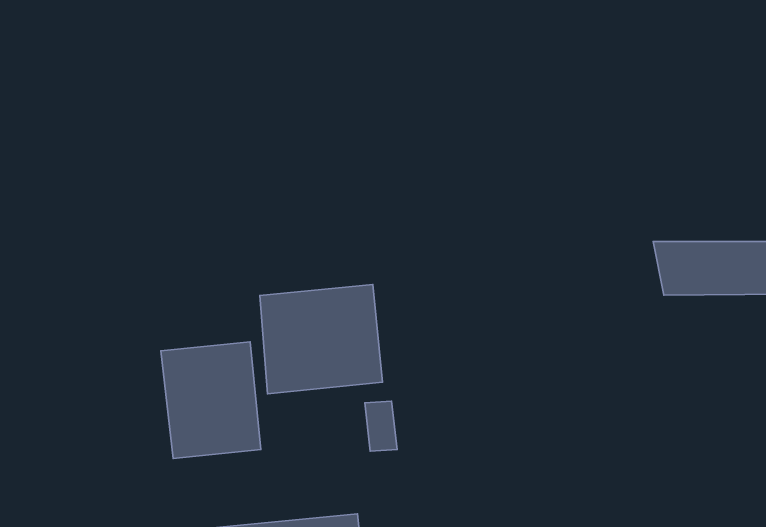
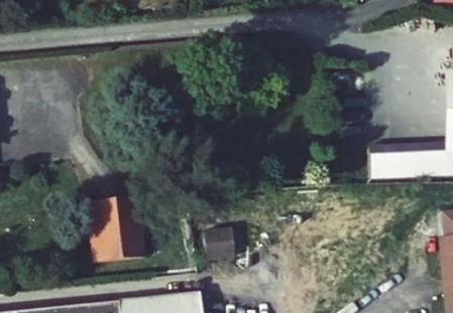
building: [260,284,382,394] -> none

